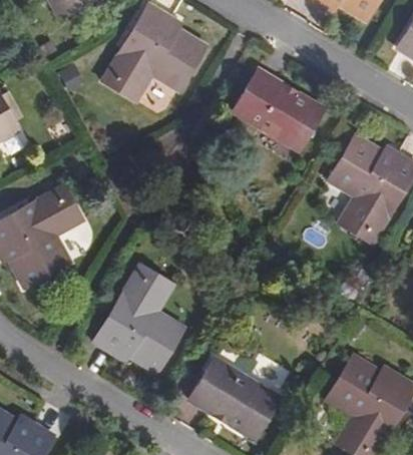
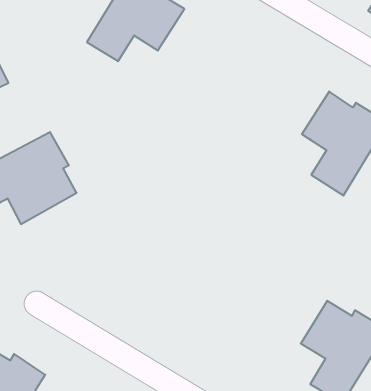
building: [233,68,325,150] -> none
building: [92,265,183,372] -> none
building: [184,355,278,438] -> none

